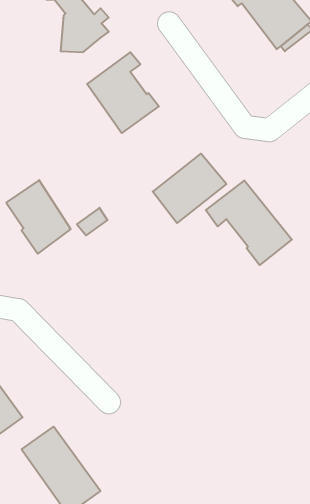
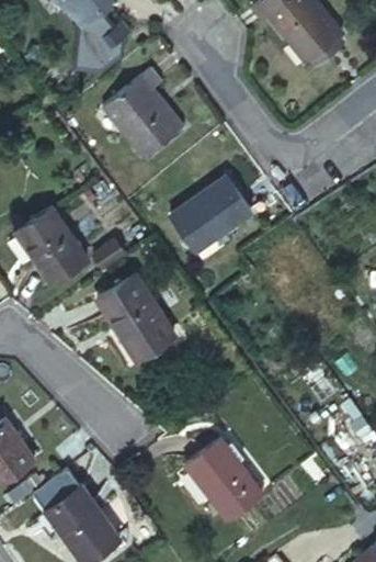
building: [206,180,292,265] -> none
building: none -> [95,273,174,358]
building: none -> [189,440,261,520]

